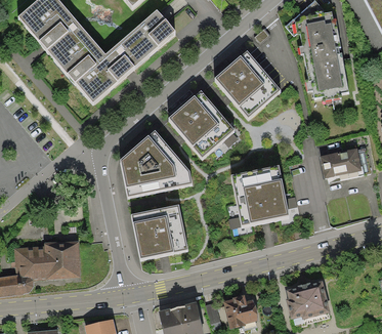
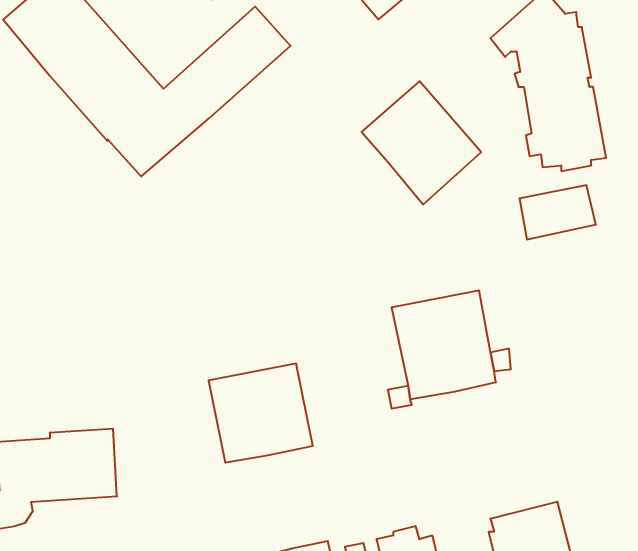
building: [168,90,235,158] -> none
building: [121,130,194,197] -> none
building: [321,149,363,178] -> [519,185,596,240]

